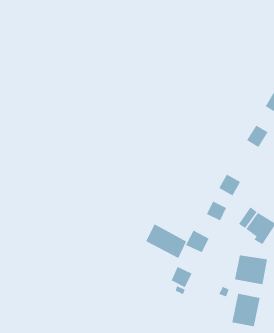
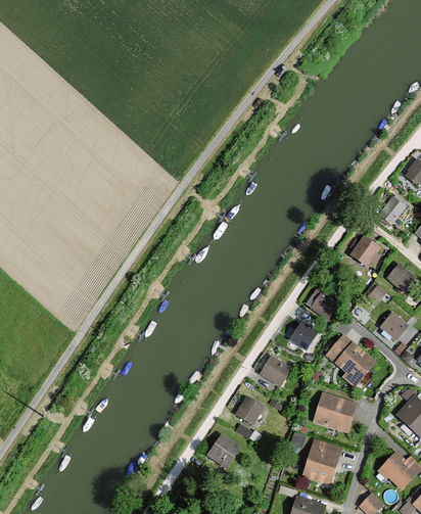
building: [146,224,187,259] -> none
building: none -> [204,435,238,469]

